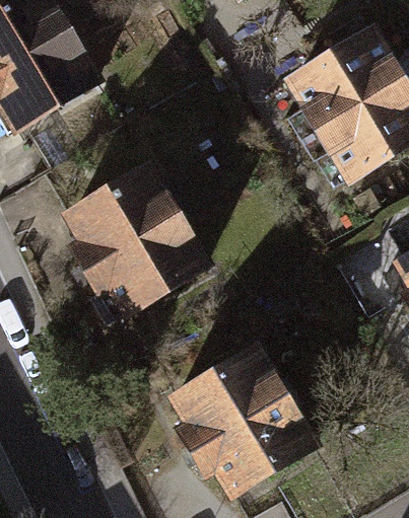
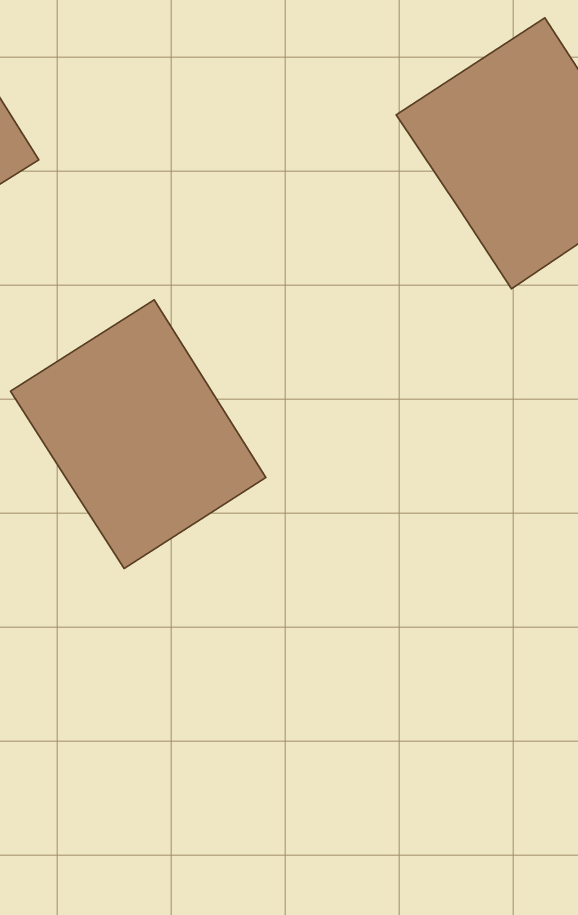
building: [169,349,312,496] -> none

